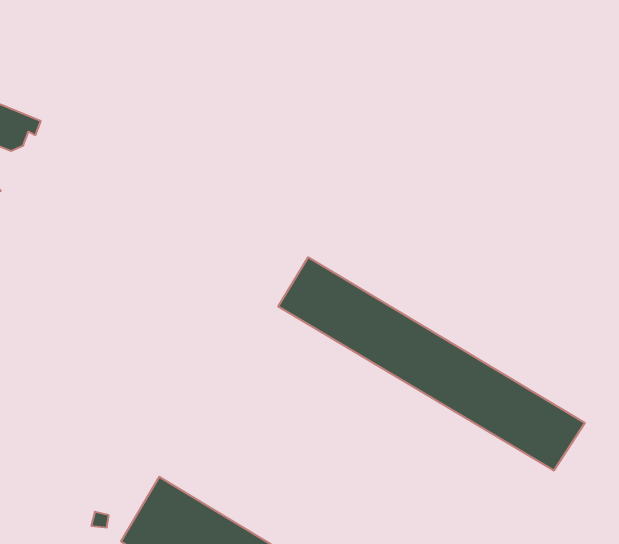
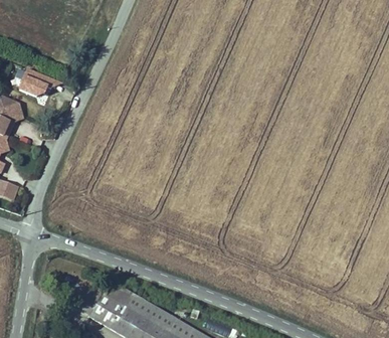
building: [278,257,585,471] -> none

